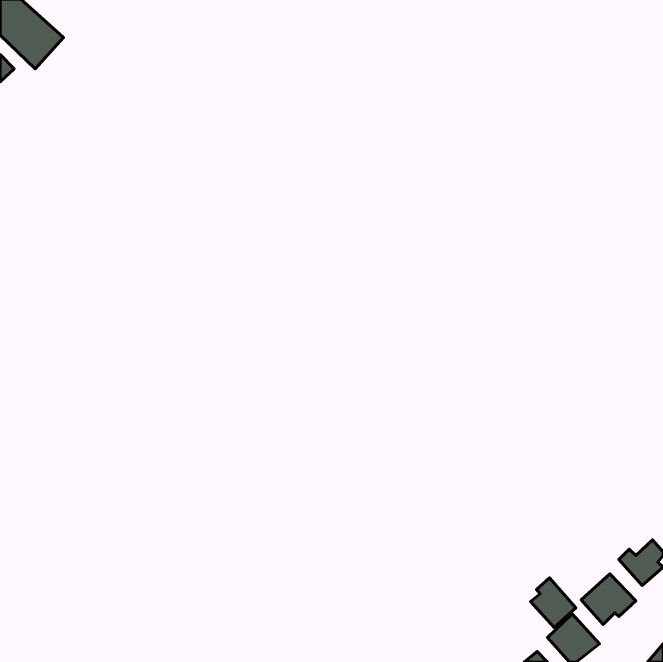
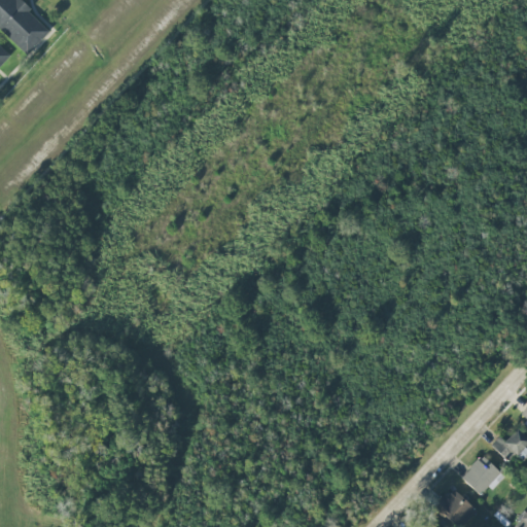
building: [531,578,576,627] -> none

